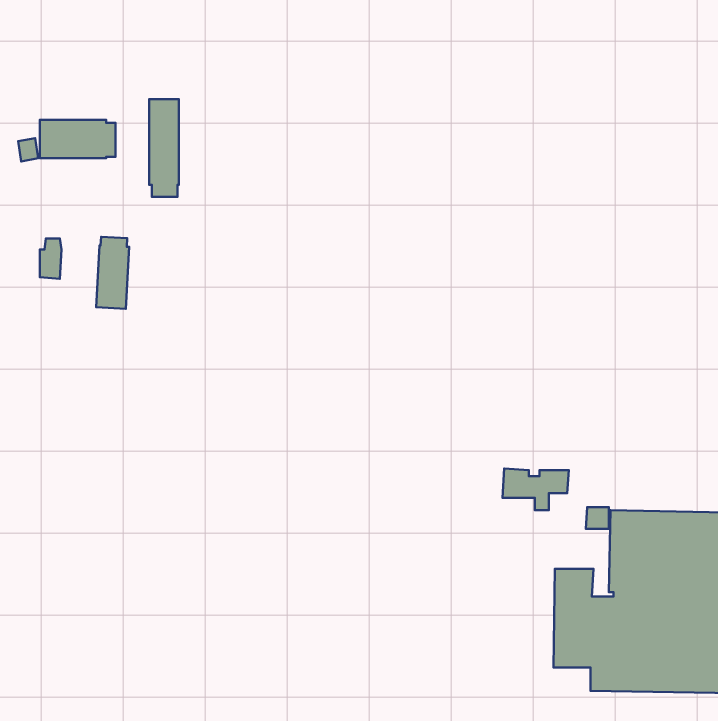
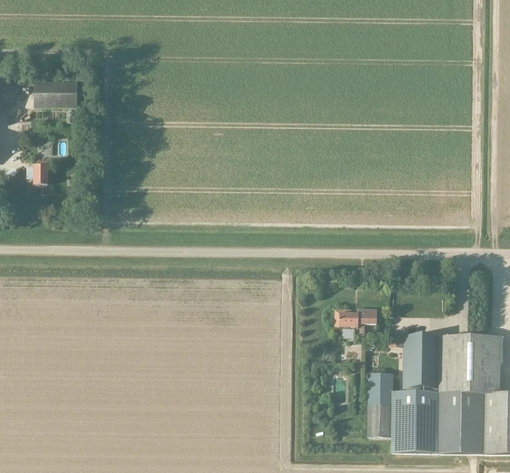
building: [149,99,179,197] -> none
building: [96,237,129,309] -> none

